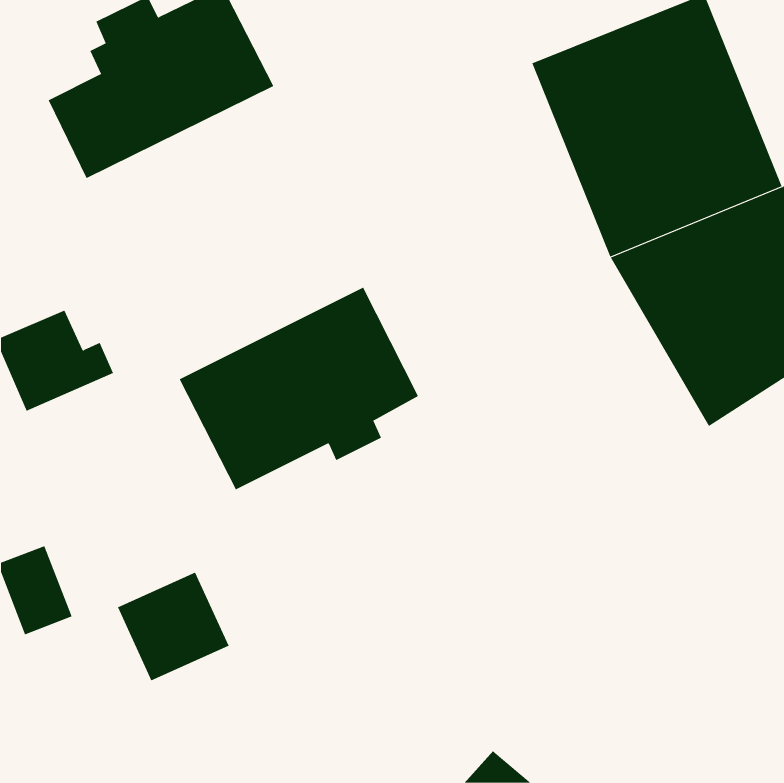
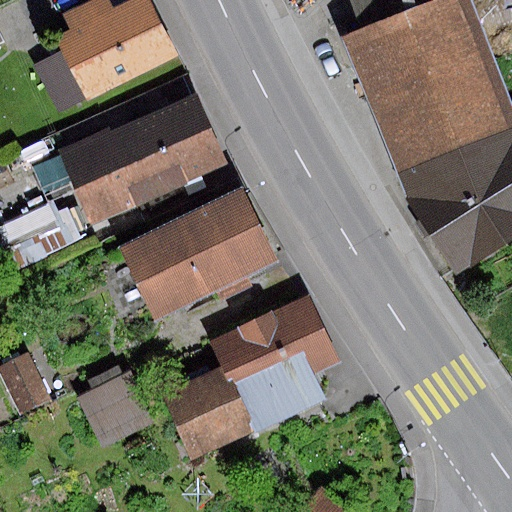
building: none -> [58,91,226,221]
building: none -> [162,294,336,456]

